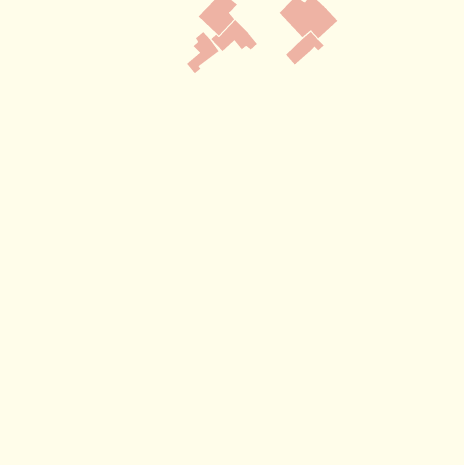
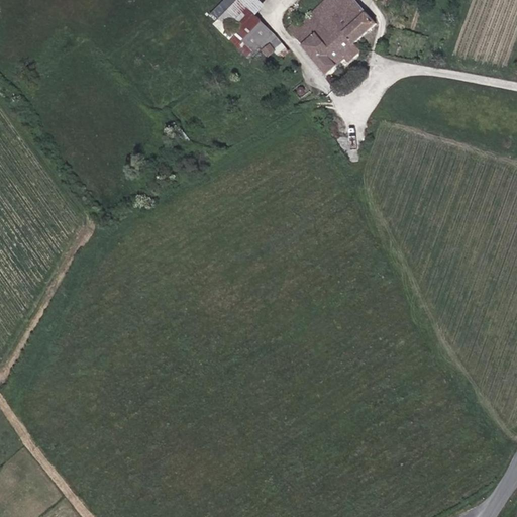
building: none -> [286,14,335,61]
building: [186,31,219,74] -> none

